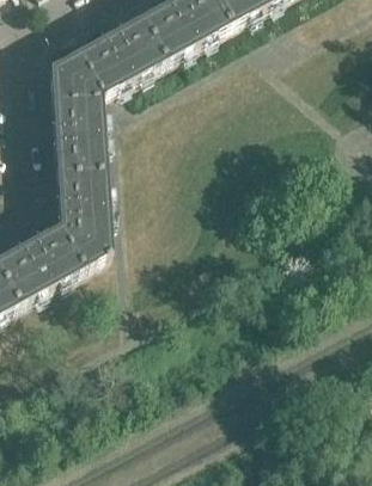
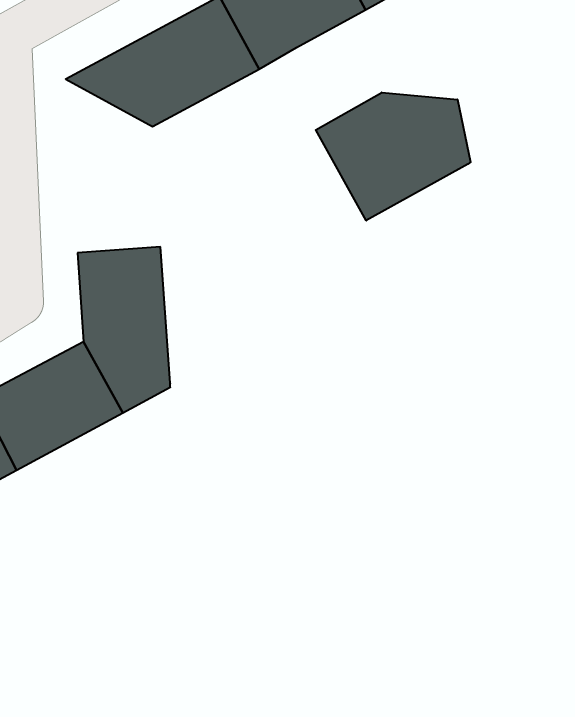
building: [48,66,105,171] -> none
building: none -> [316,92,471,221]

